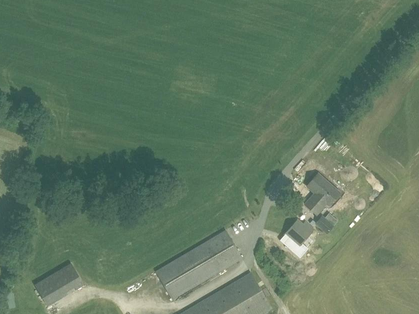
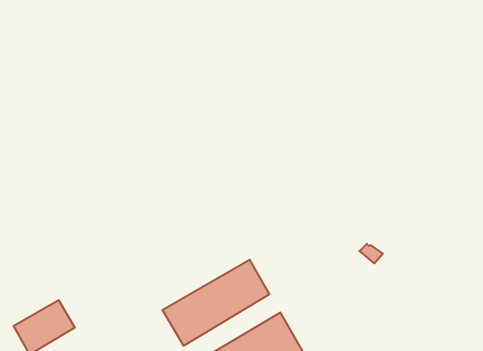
building: [304,174,338,214] -> none
building: [284,220,312,246] -> none

